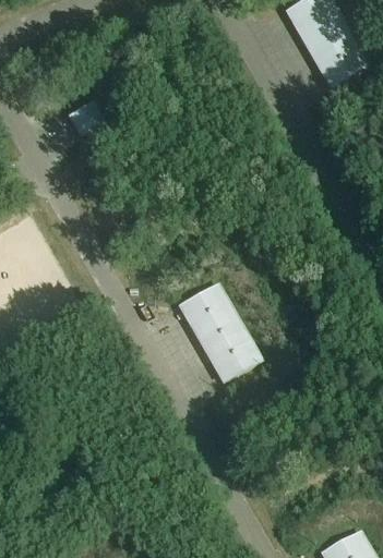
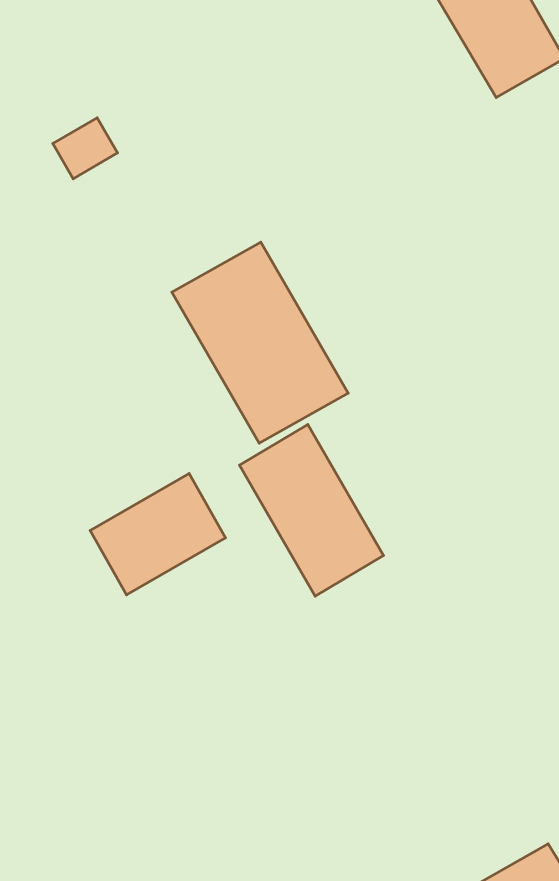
building: none -> [172,242,348,443]
building: none -> [90,473,226,595]

